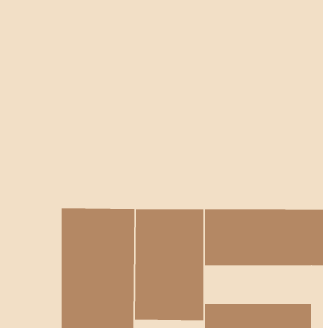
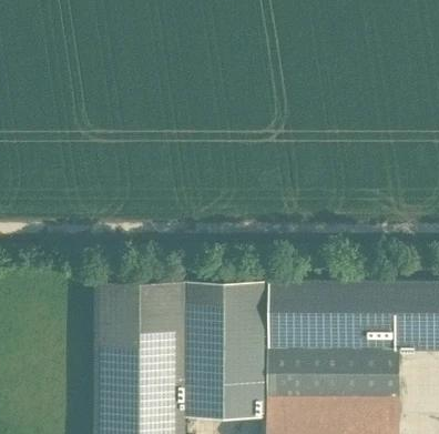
building: none -> [268,351,398,396]

